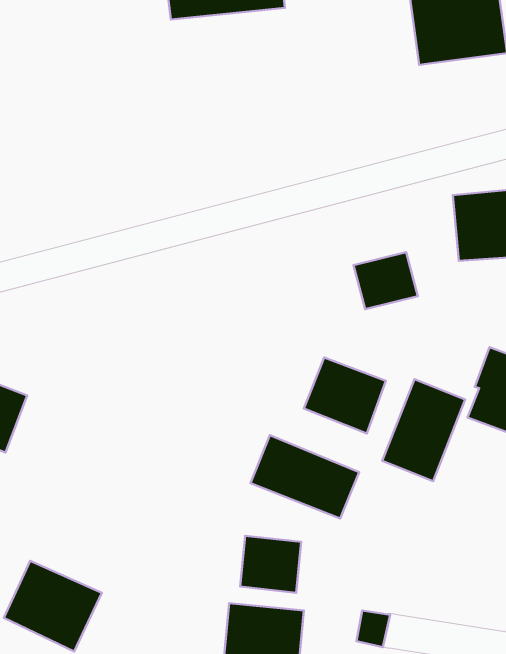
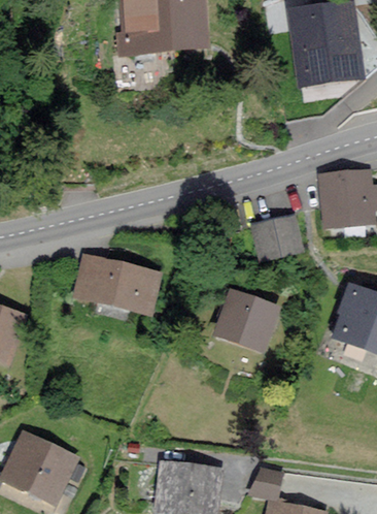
building: none -> [76,255,158,310]
building: [382,379,465,481] -> none
building: [251,435,359,518] -> none
building: [240,536,301,593] -> none

